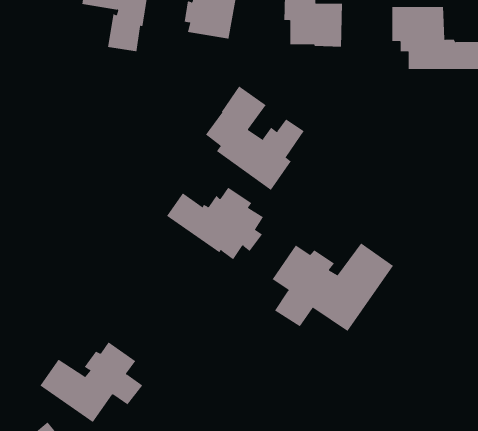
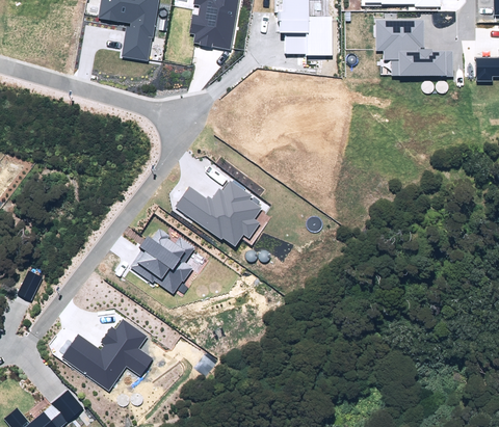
building: [205,85,305,191] -> none
building: none -> [129,228,193,293]
building: [272,243,394,332] -> none

